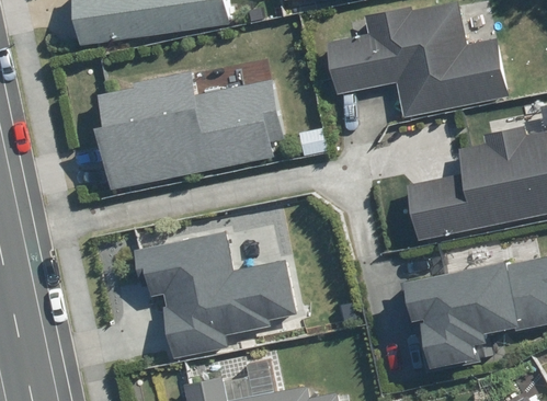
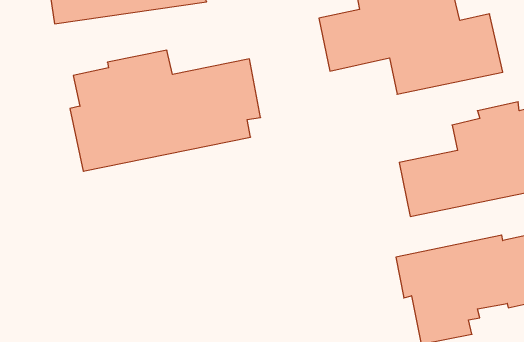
building: [135,231,301,359] -> none

